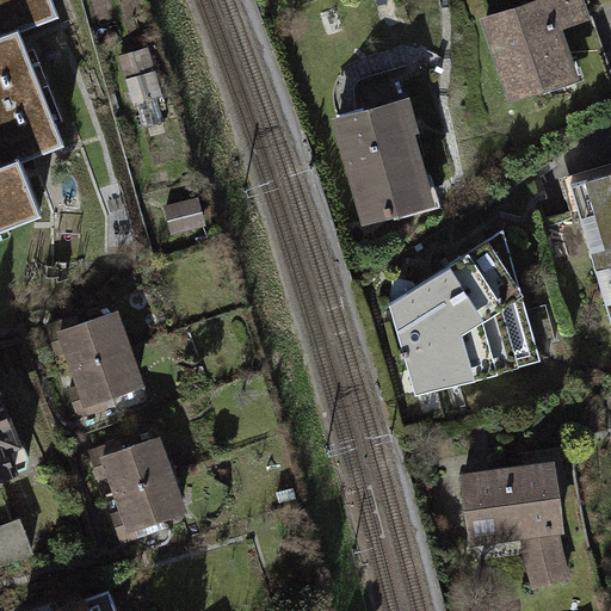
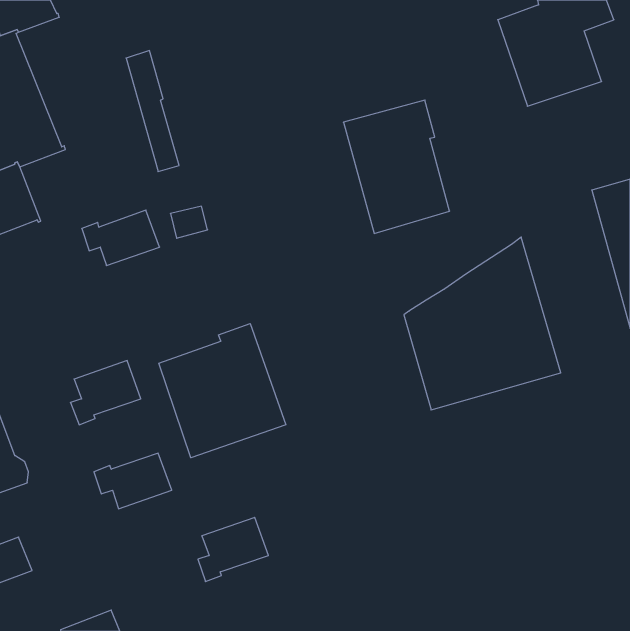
building: [48,313,123,366] -> [82,210,160,266]
building: none -> [159,324,286,458]
building: [458,448,572,591] -> none
building: [111,474,179,536] -> [198,517,268,582]

